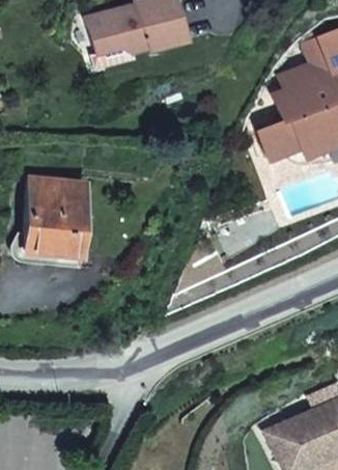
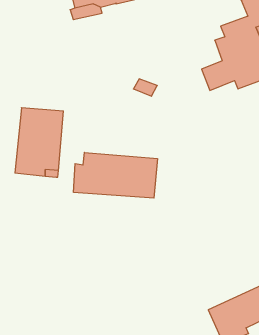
building: none -> [74,152,157,198]

